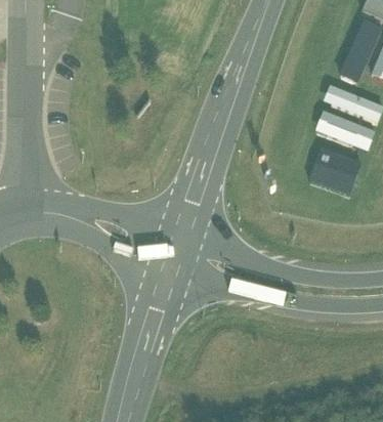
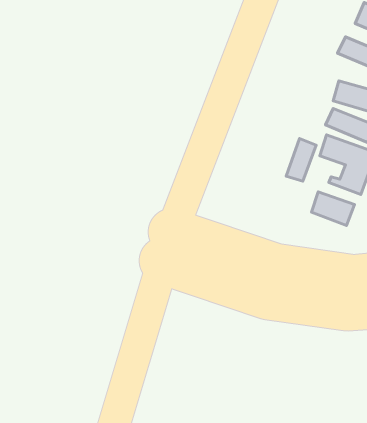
building: none -> [286,139,316,181]
building: none -> [312,192,355,225]

